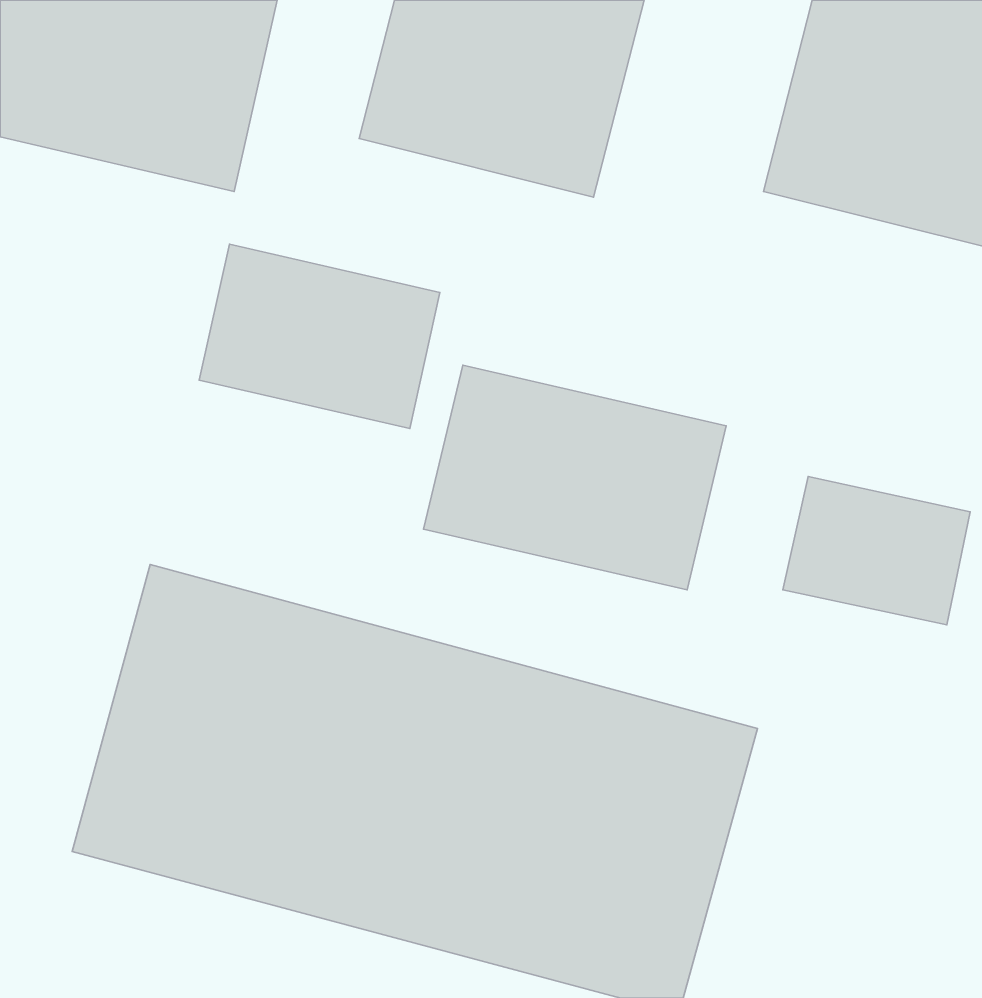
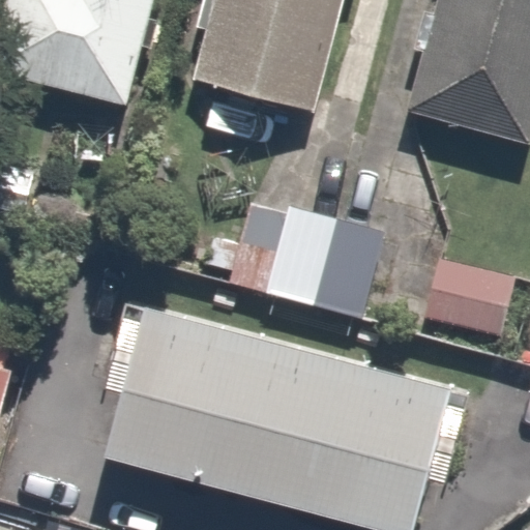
building: [199,244,440,429] -> none

